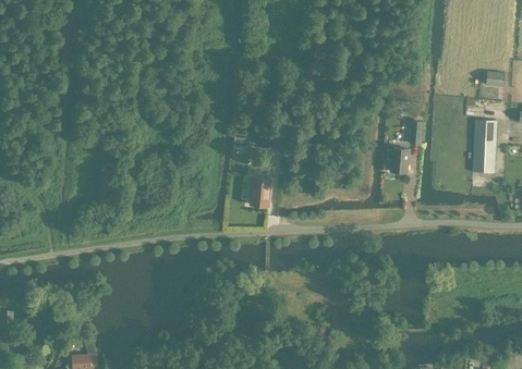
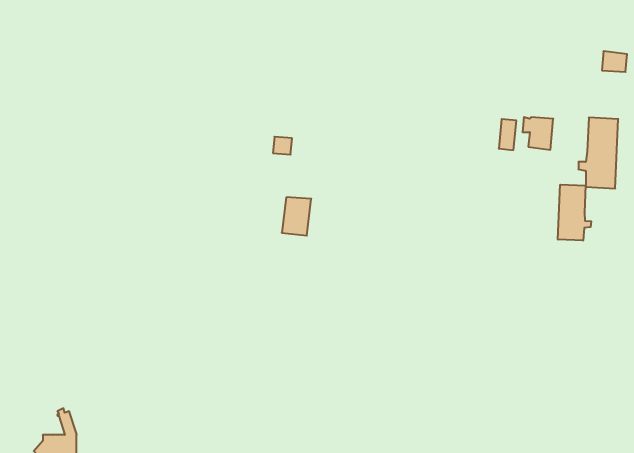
building: [386,149,409,173] -> [522,117,553,150]
building: none -> [558,185,591,241]

